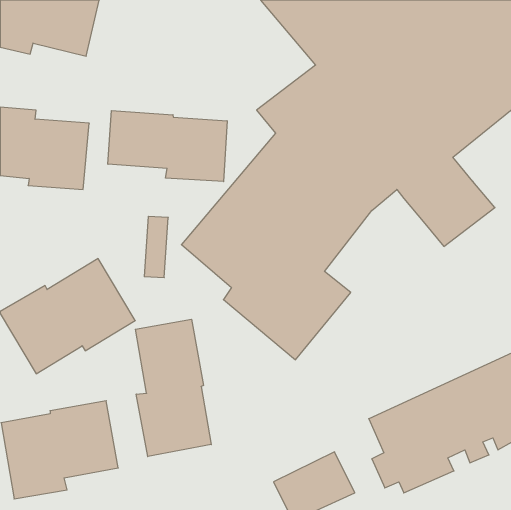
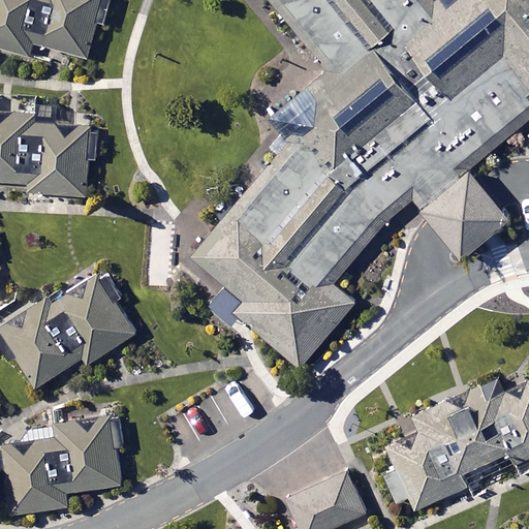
building: [108,111,227,182] -> none
building: [135,319,211,457] -> none

